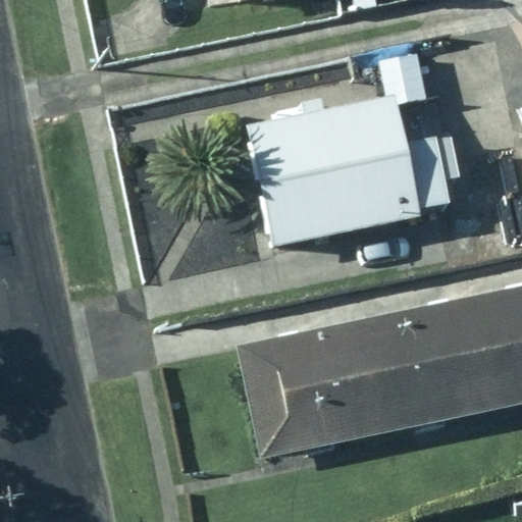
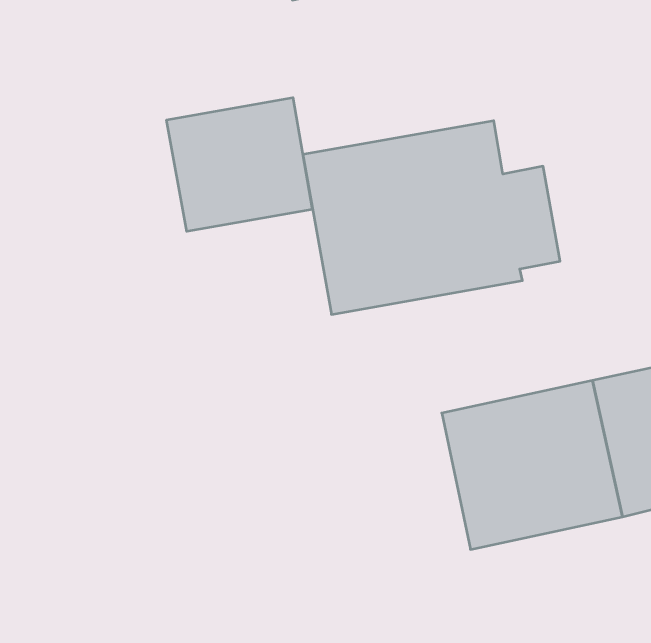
building: none -> [167,98,312,231]
building: [238,324,379,457] -> none

